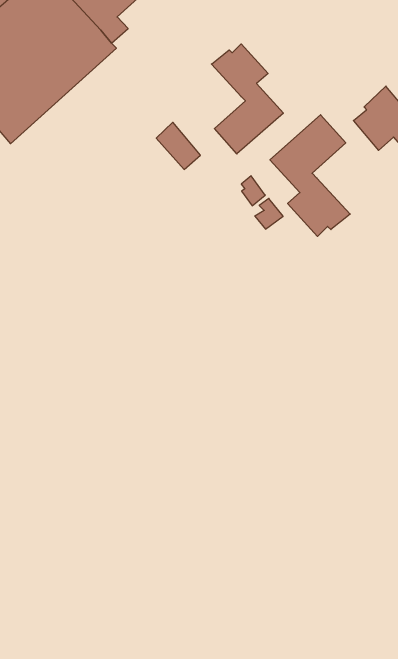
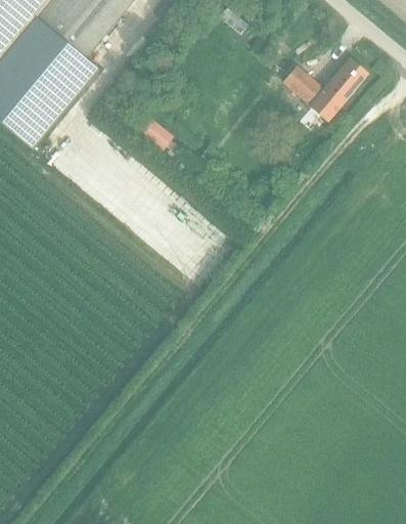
building: [211,44,283,154] -> none
building: [270,115,350,236] -> none

